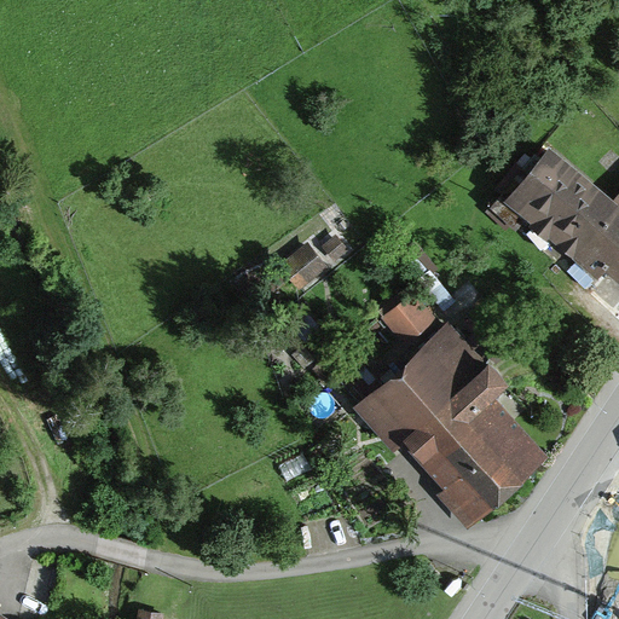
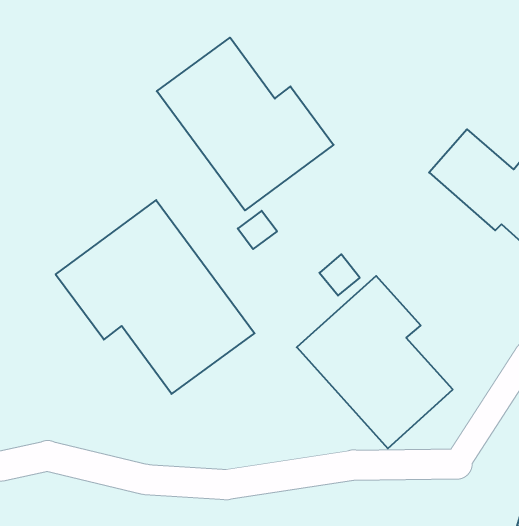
building: none -> [157,38,334,210]
building: none -> [56,200,255,394]

